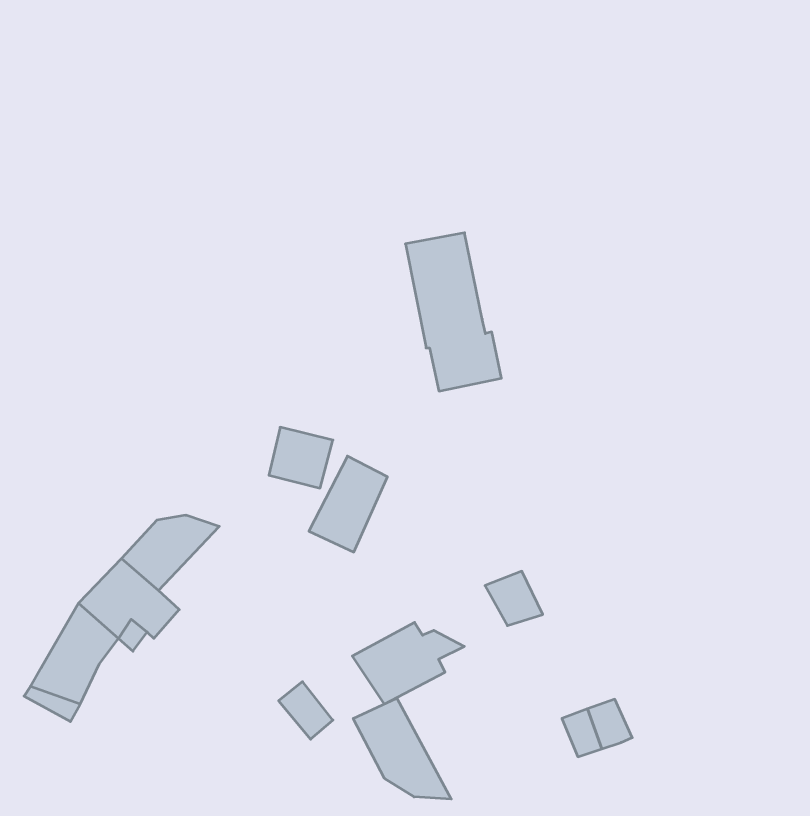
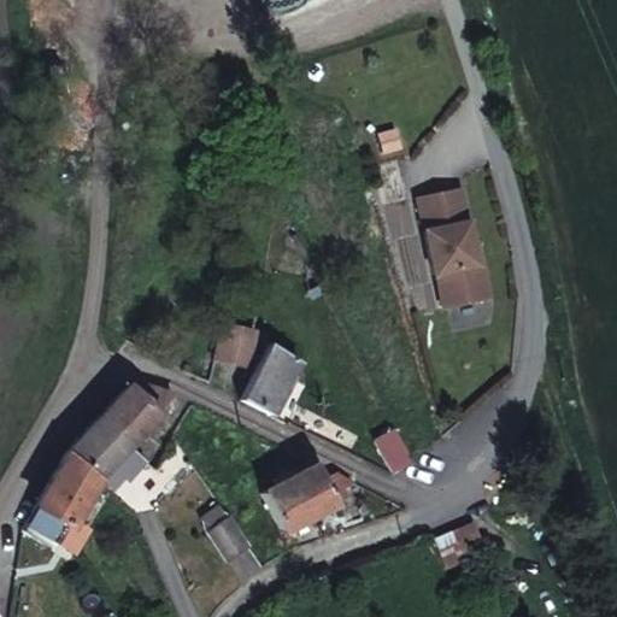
building: [405,233,501,391] -> [422,187,494,306]
building: [353,698,451,799] -> none

